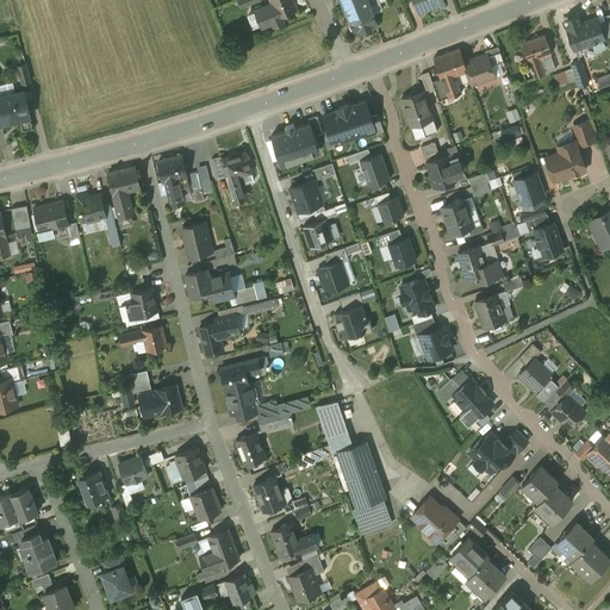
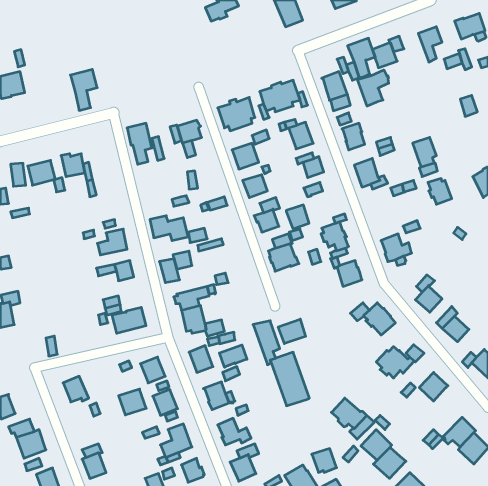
building: none -> [357,70,389,106]
building: [546,142,586,182] -> none
building: [108,168,142,219] -> [70,69,97,110]
building: [182,224,212,259] -> none
building: [388,238,417,268] -> [286,205,309,229]
building: [458,247,503,286] -> none
building: none -> [278,319,306,344]
building: none -> [219,345,247,367]
building: [117,456,151,488] -> [119,389,146,415]
building: [535,486,573,524] -> none
building: [11,490,38,521] -> none
building: [361,500,392,530] -> [312,449,337,472]

